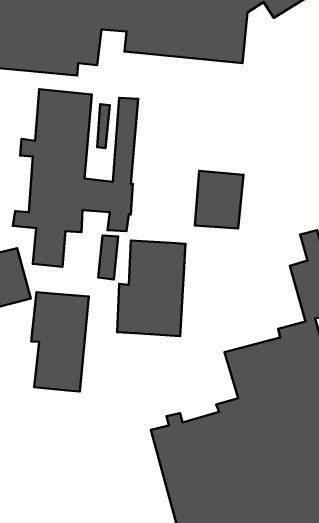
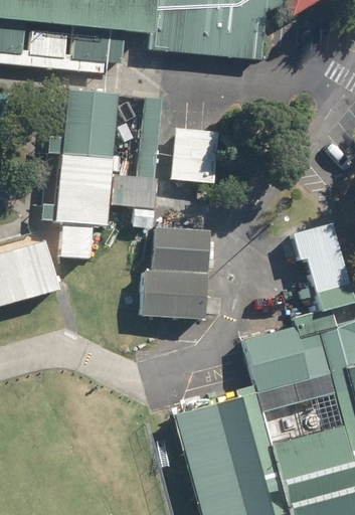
building: [195,171,243,229] -> [170,127,216,182]
building: [31,292,89,391] -> none

